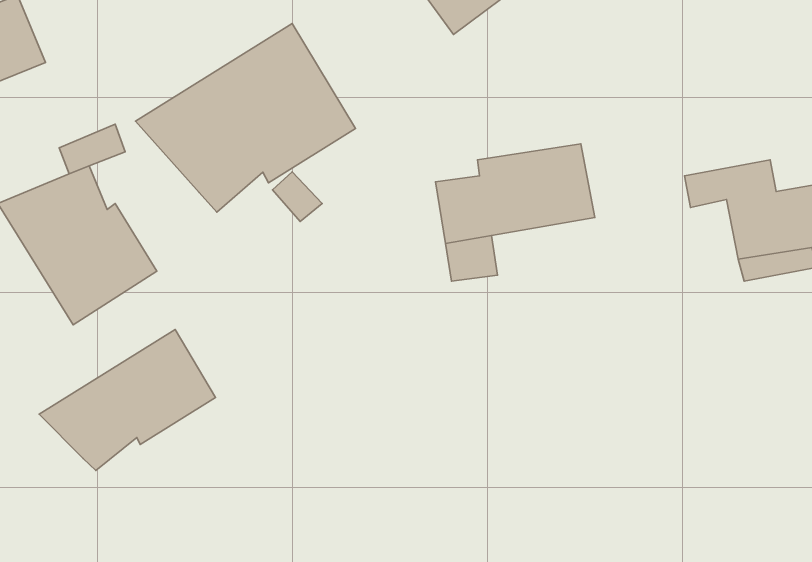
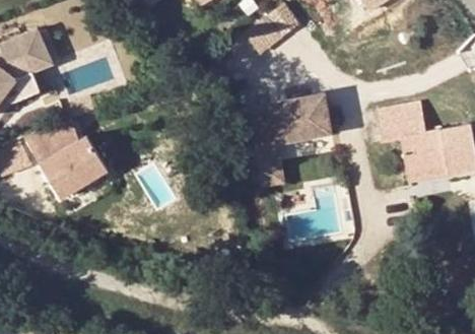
building: [135,24,355,212] -> none
building: [39,329,216,470] -> none

